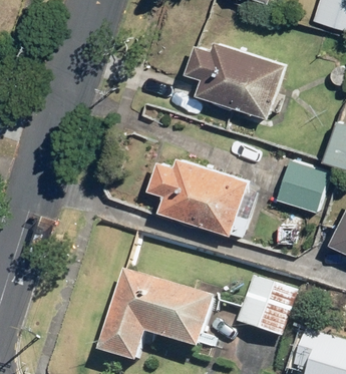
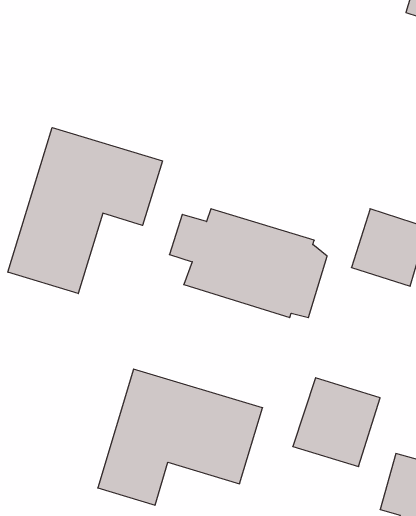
building: [184,42,285,119] -> none
building: none -> [8,128,162,294]

